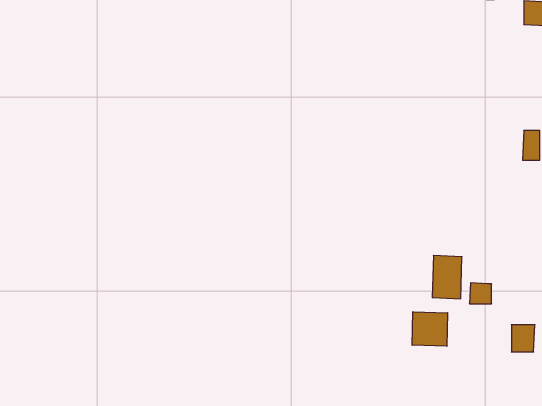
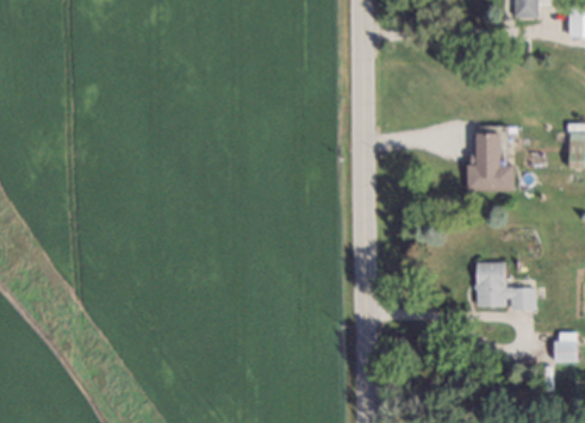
building: none -> [468,138,514,188]
building: [412,312,448,346] -> none

